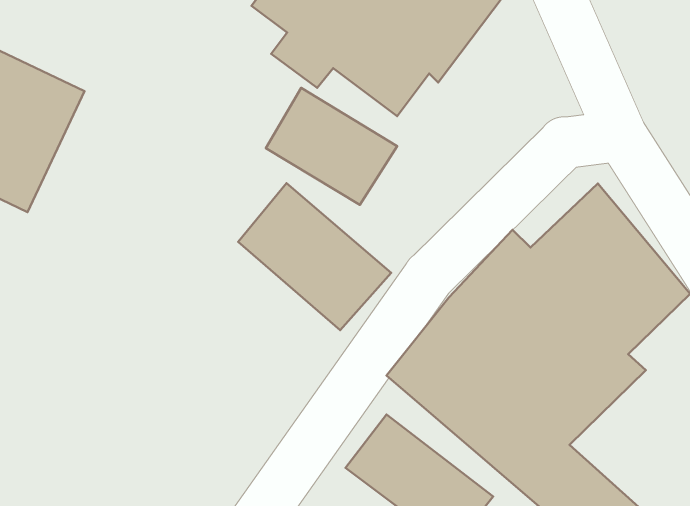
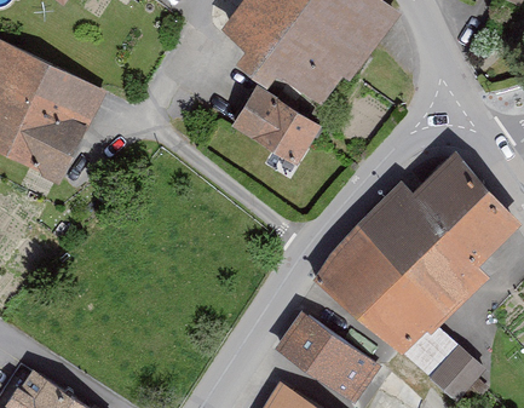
building: [238,183,391,330] -> none

